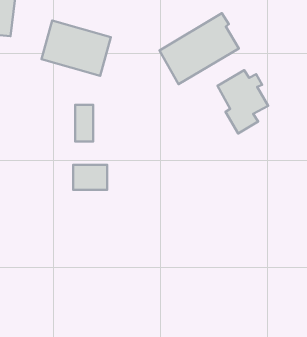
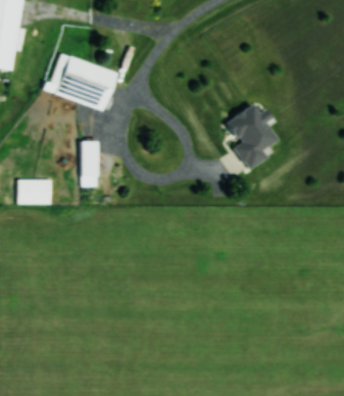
building: [159,13,239,84] -> none
building: [73,165,107,190] -> [16,180,51,205]

